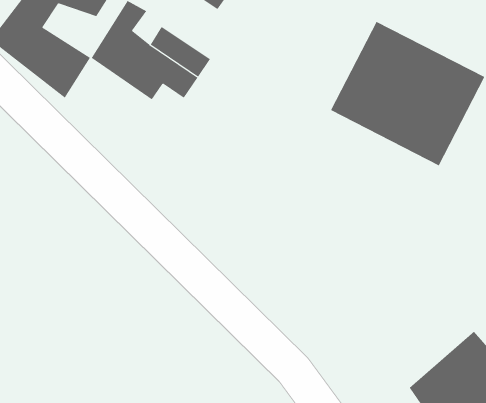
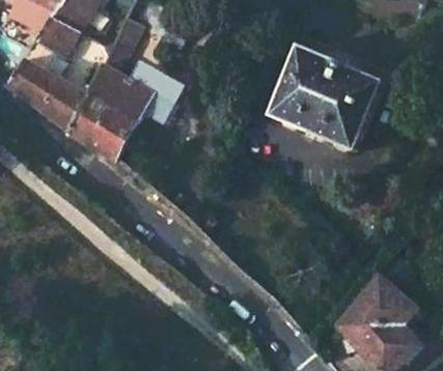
building: none -> [63,92,132,156]

